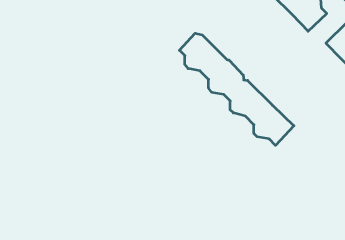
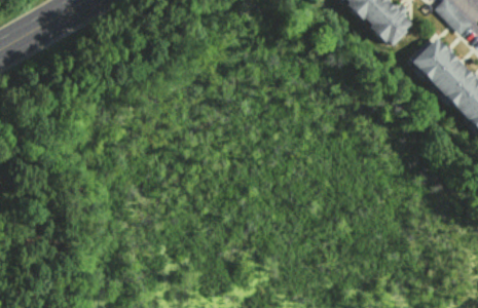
building: [179,33,294,145] -> none

